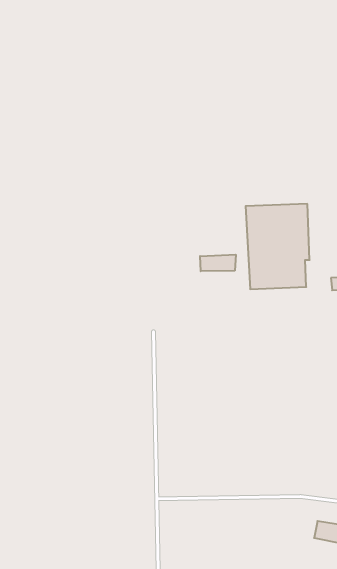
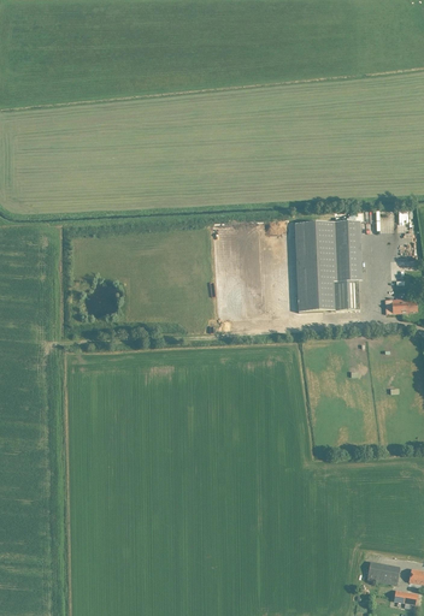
building: [200,255,236,271] -> none

